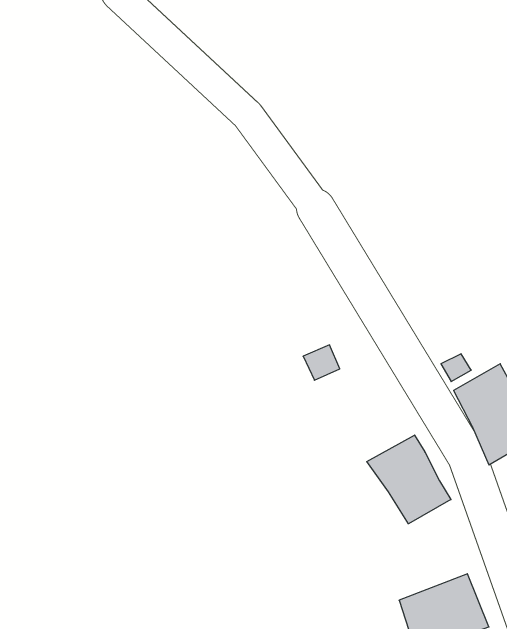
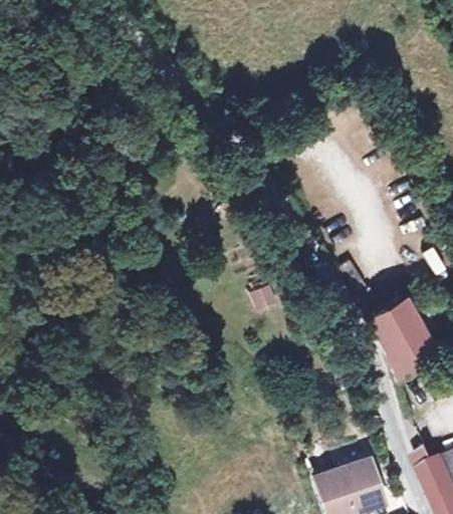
building: [367,435,451,524] -> none

